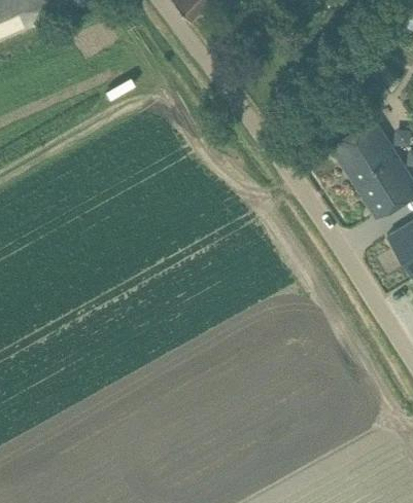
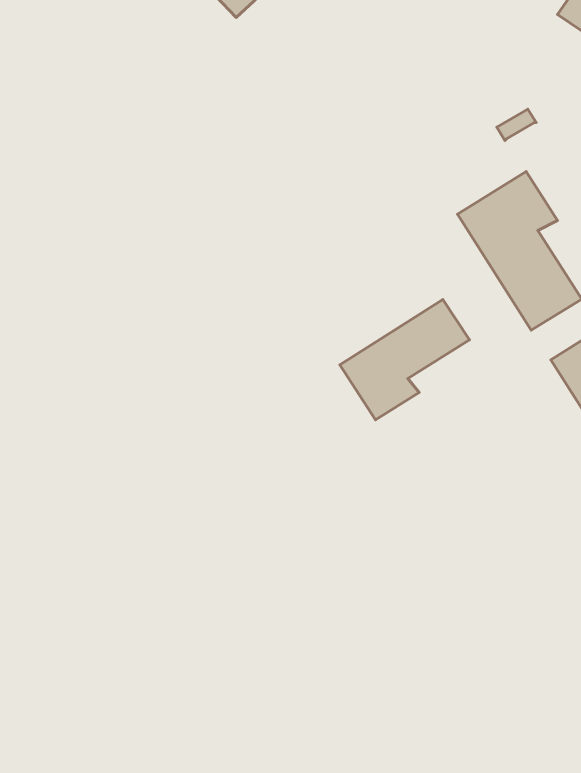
building: none -> [340,300,469,420]

